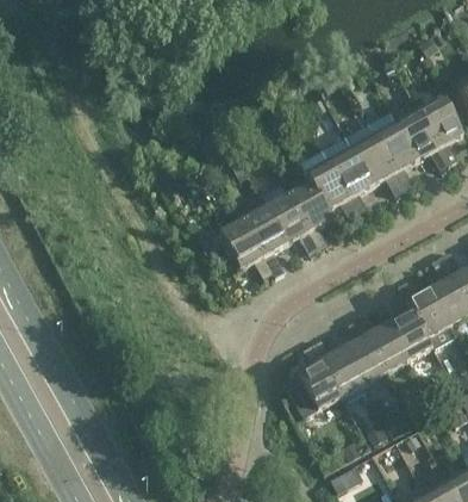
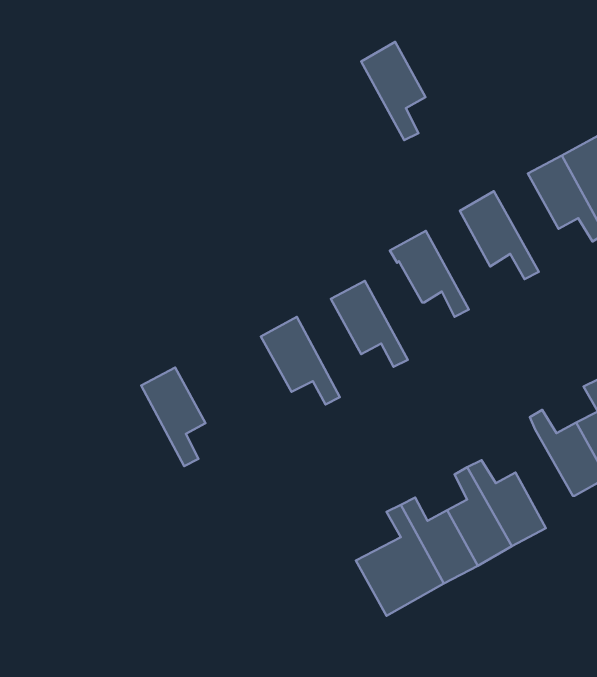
building: [375,122,418,187] -> none
building: [330,147,373,212] -> [361,42,426,140]
building: [289,180,333,246] -> none
building: [244,205,287,271] -> [141,368,206,466]
building: [389,292,433,358] -> none

